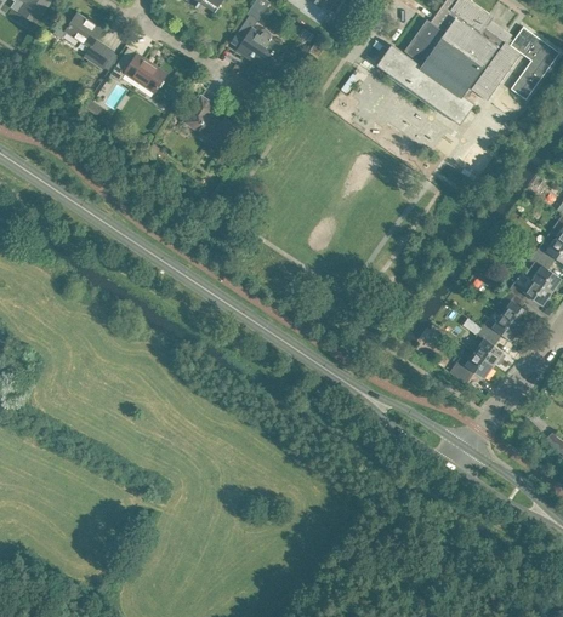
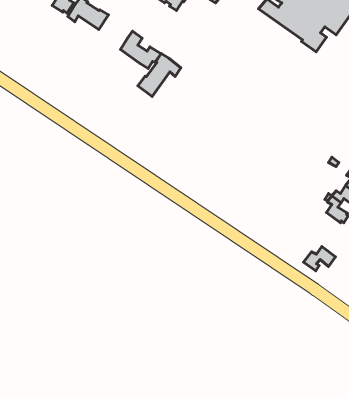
building: none -> [138,53,181,96]
building: [449,350,494,384] -> [304,247,336,271]

